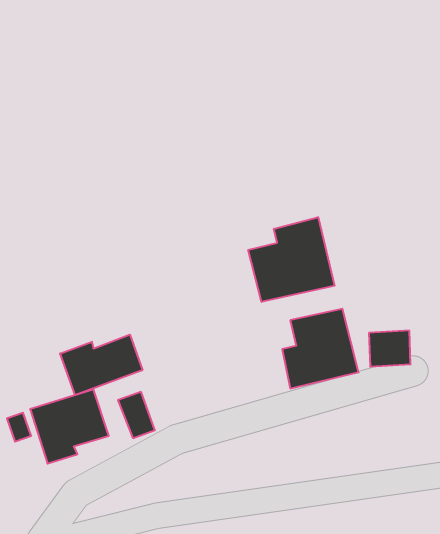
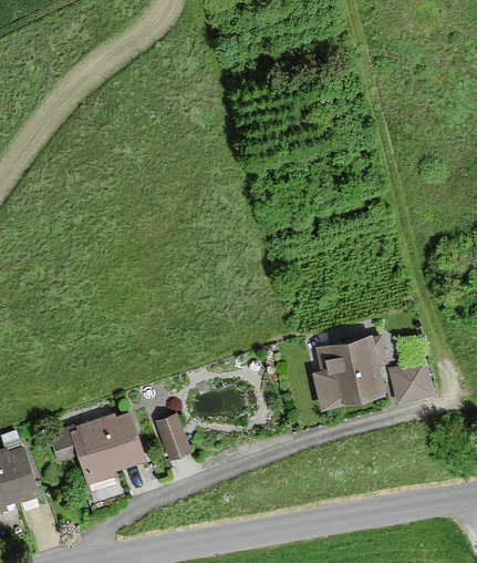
building: [248,217,334,302] -> none
building: [60,335,142,395] -> none

